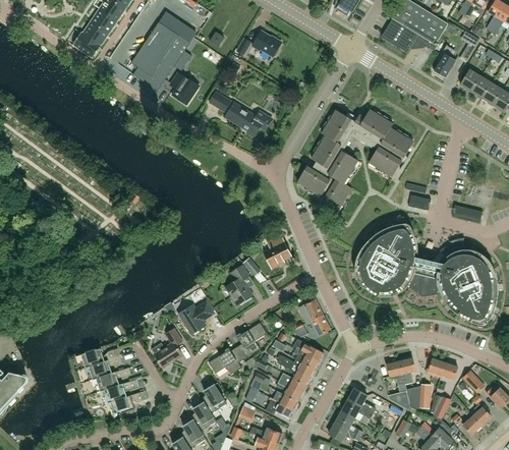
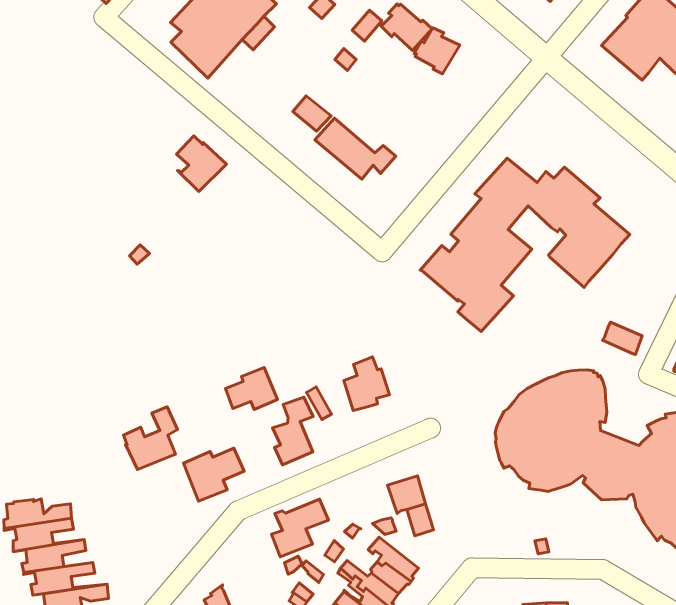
building: none -> [414,28,460,74]
building: [170,72,200,104] -> [177,136,226,192]
building: none -> [226,368,278,409]
building: [152,328,183,367] -> [123,407,178,469]
building: [209,346,243,374] -> none

